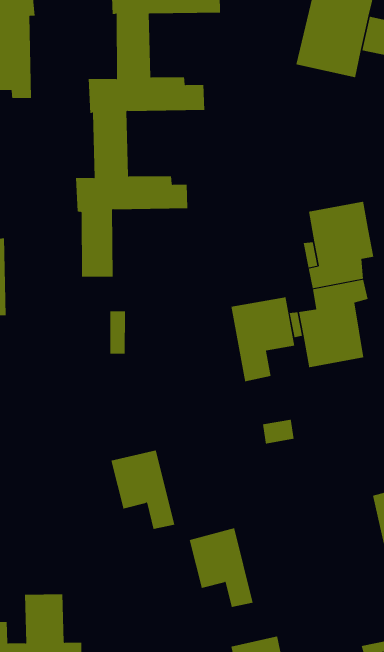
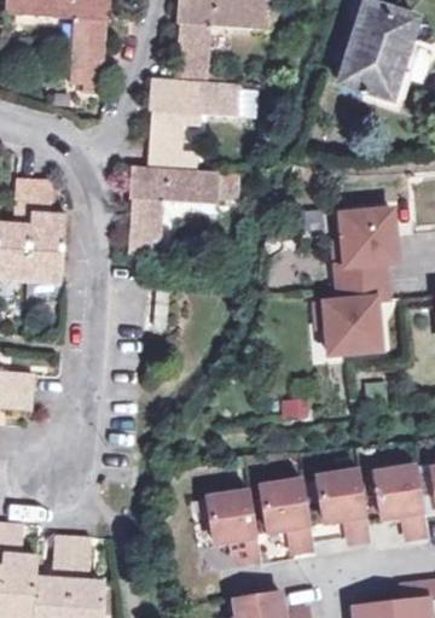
building: [231,297,295,382] -> none
building: [110,450,175,529] -> [259,480,312,552]
building: none -> [315,471,369,542]

